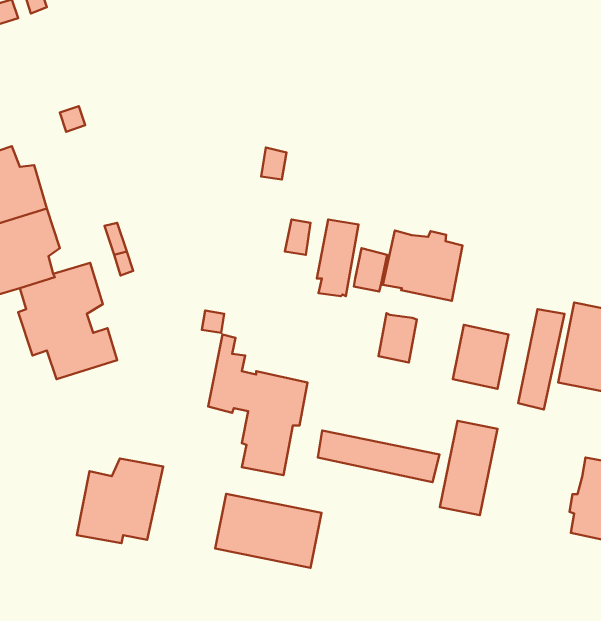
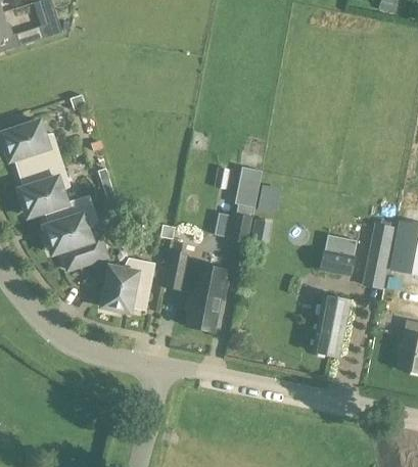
building: [383,231,463,301] -> none
building: [379,313,417,363] -> [228,213,252,244]
building: [318,431,439,482] -> none
building: [77,458,163,543] -> [100,258,155,312]
building: [215,494,322,568] -> none

